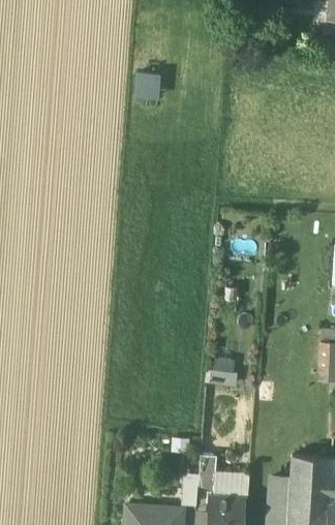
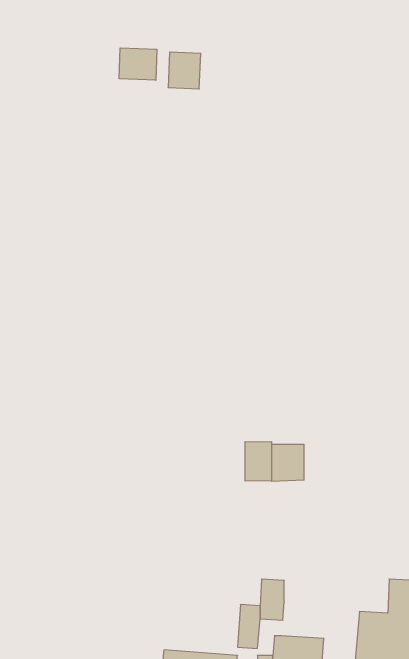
building: none -> [119,48,157,80]
building: none -> [245,442,272,481]
building: [214,472,249,499] -> none

